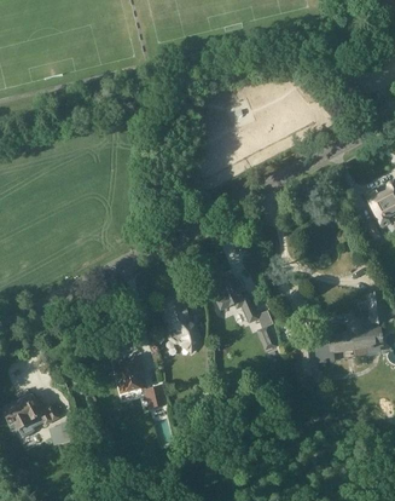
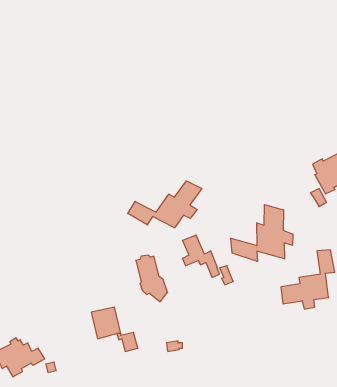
building: none -> [128,181,202,228]
building: none -> [231,205,293,262]

